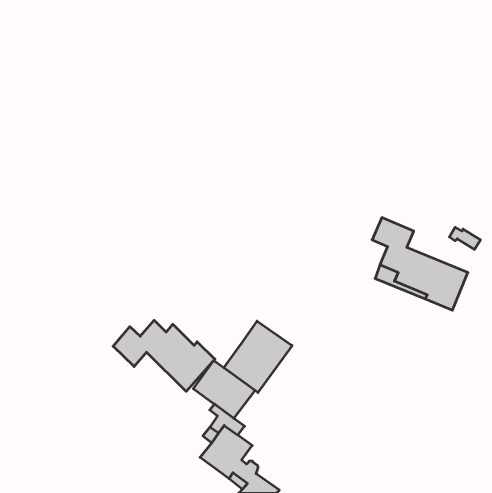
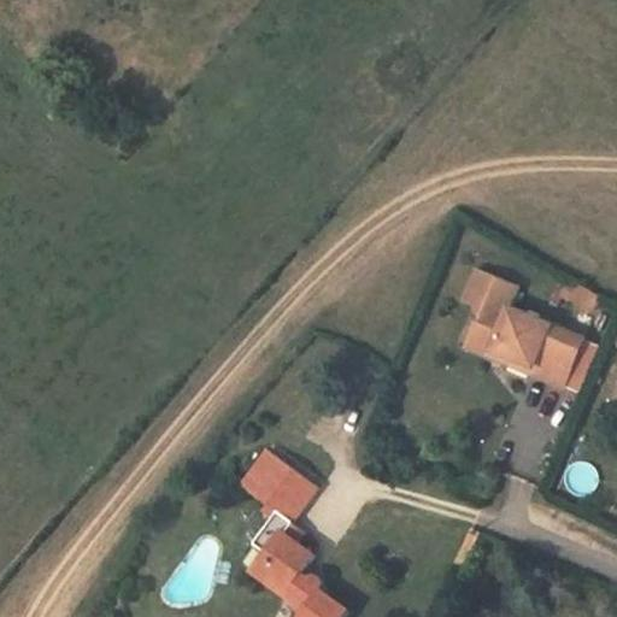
building: [113,320,215,391] -> none
building: [224,321,292,393] -> none

